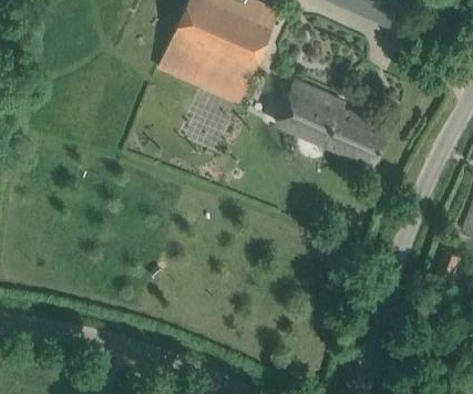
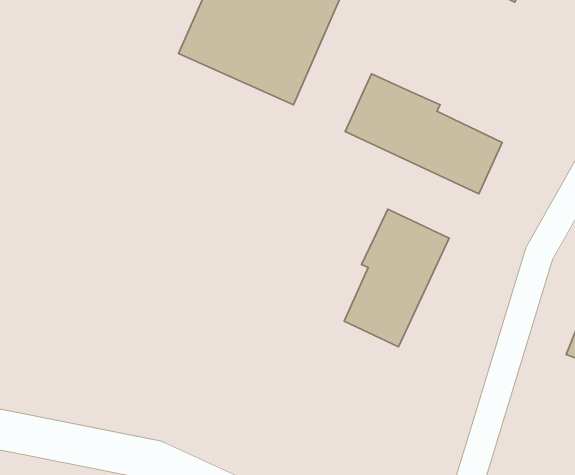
building: none -> [344,209,449,347]

